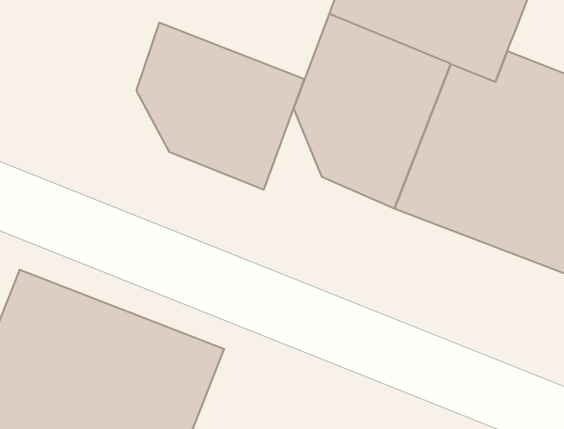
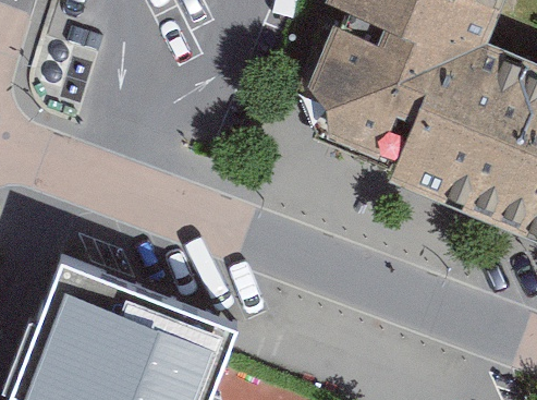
building: [137,23,304,190] -> none

